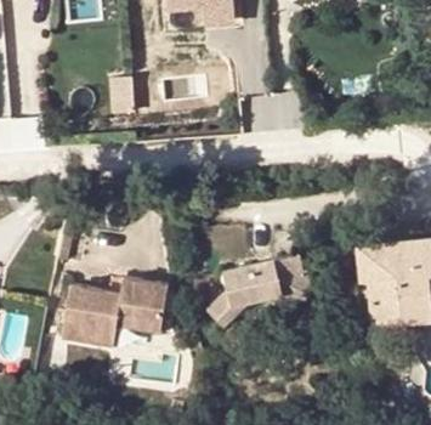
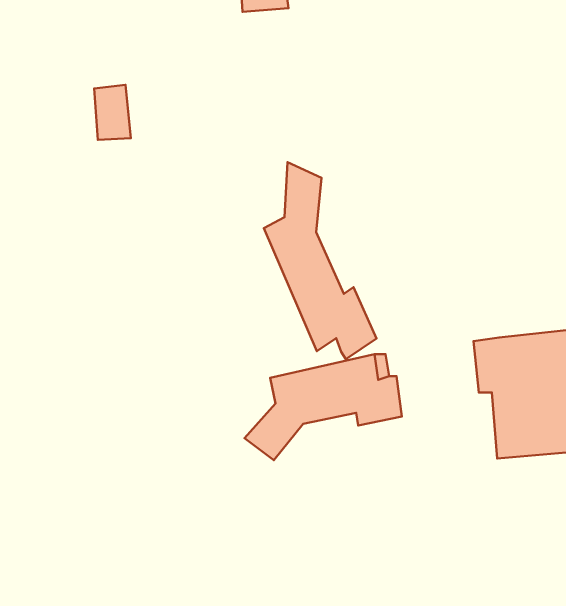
building: none -> [264,162,376,359]
building: [64,282,170,350] -> none

